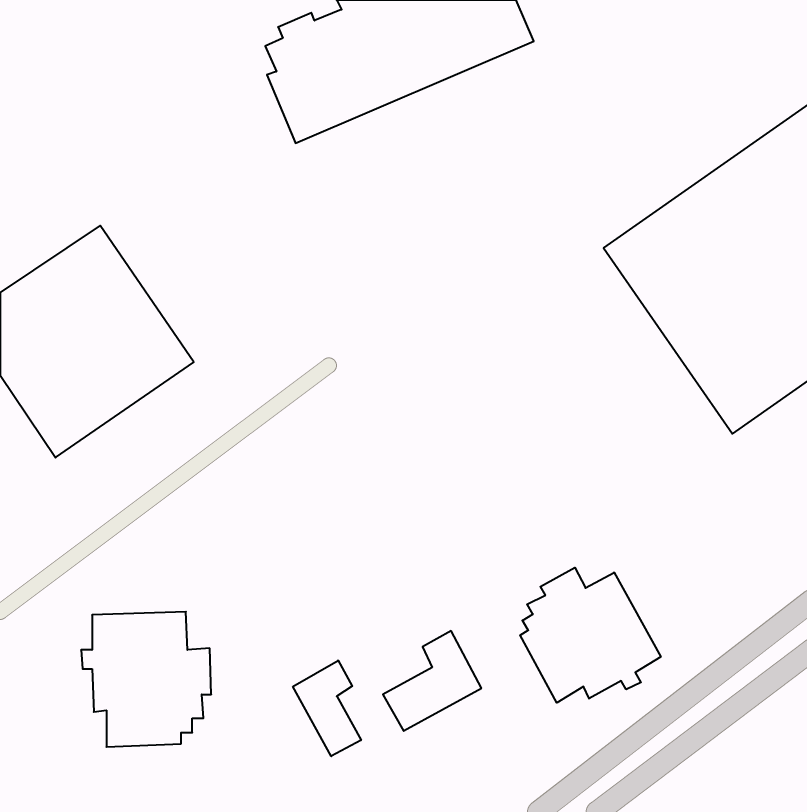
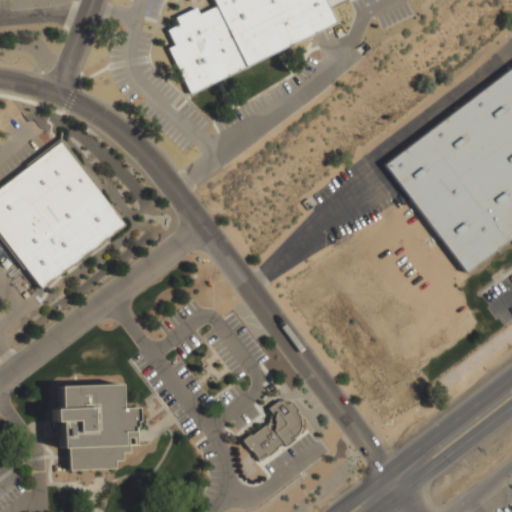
building: [520,568,661,703] -> none
building: [293,660,361,756] -> none

